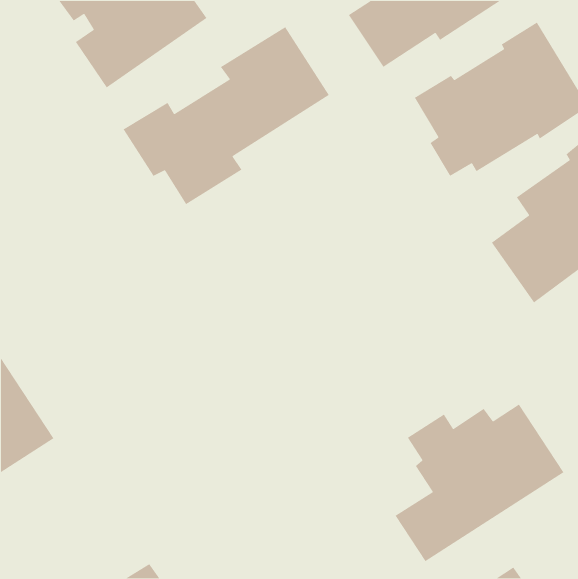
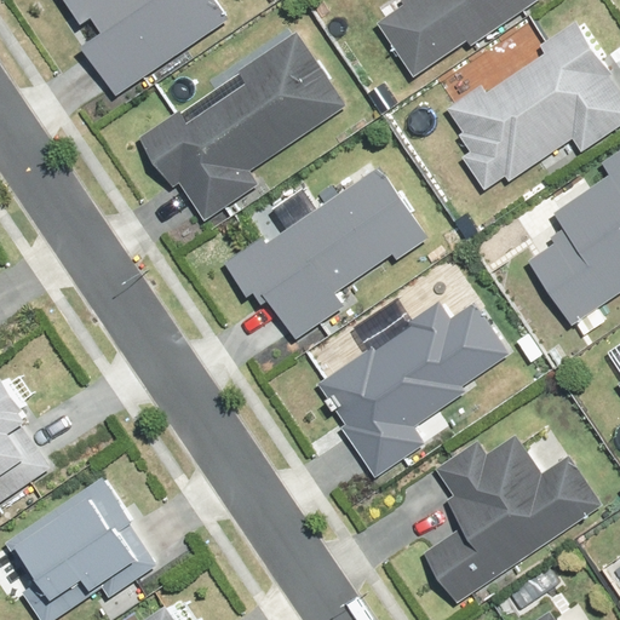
building: none -> [218,165,430,340]
building: none -> [311,302,511,481]
building: none -> [6,494,131,595]

